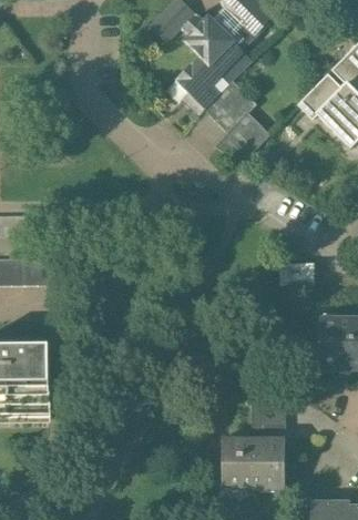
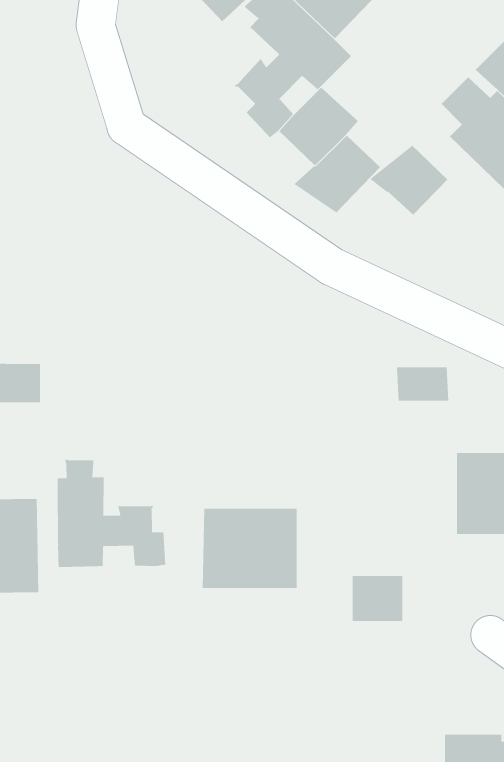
building: none -> [370,145,448,215]
building: none -> [57,459,166,568]
building: [223,437,285,489] -> [202,508,297,588]

